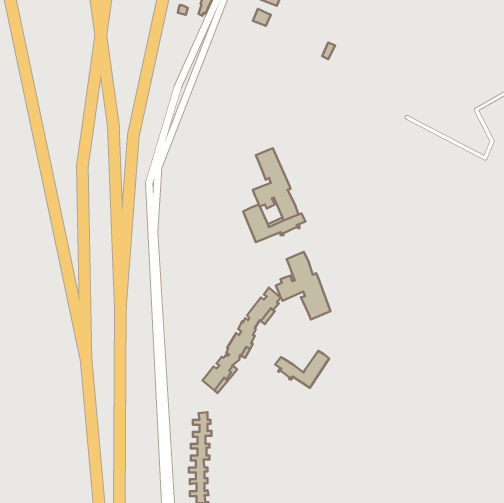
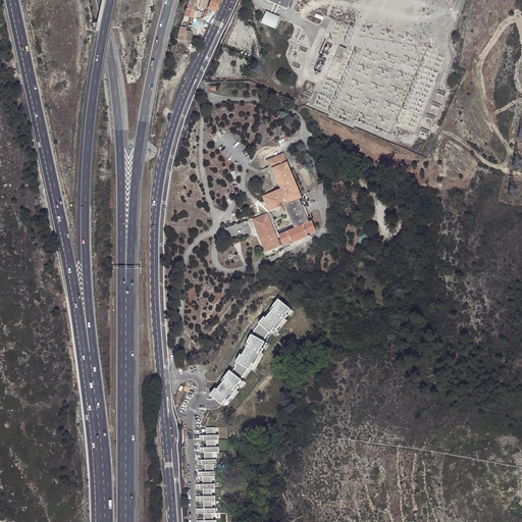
building: [276,252,331,319] -> none
building: [275,351,329,388] -> none

